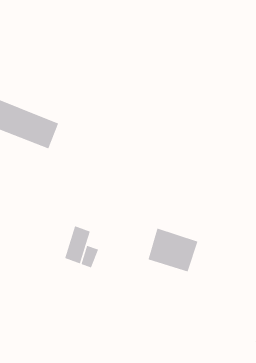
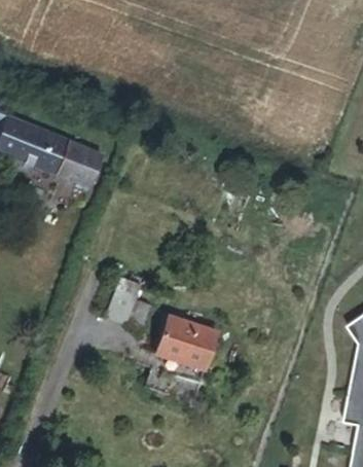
building: [147,228,198,273] -> [158,316,220,370]

